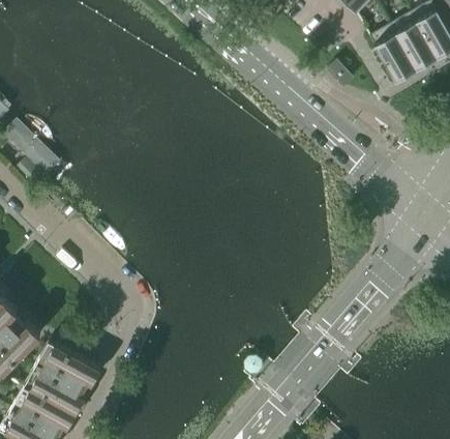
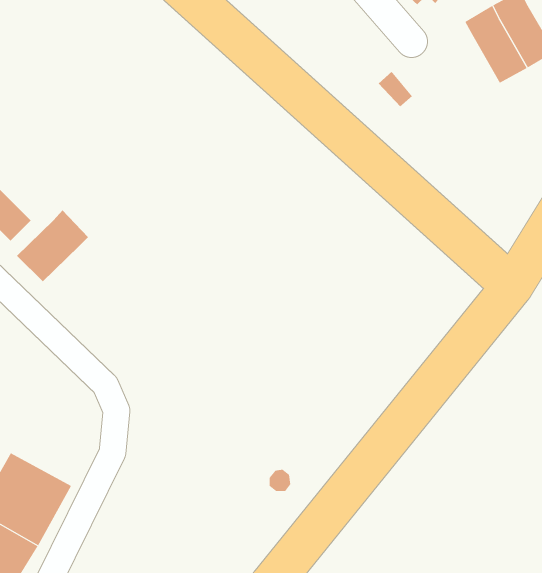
building: [367,23,415,80] -> none
building: none -> [16,209,89,282]

